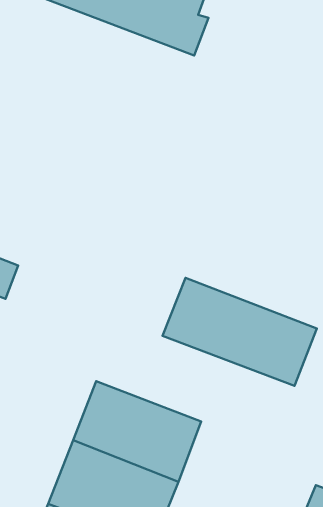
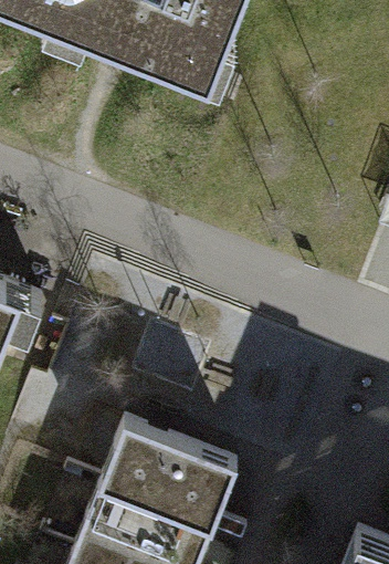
building: [163,278,317,386] -> none

